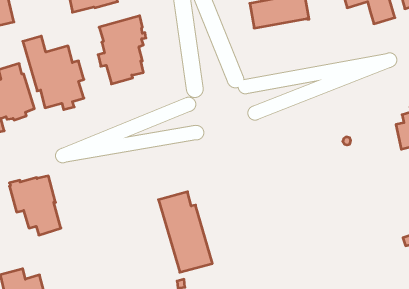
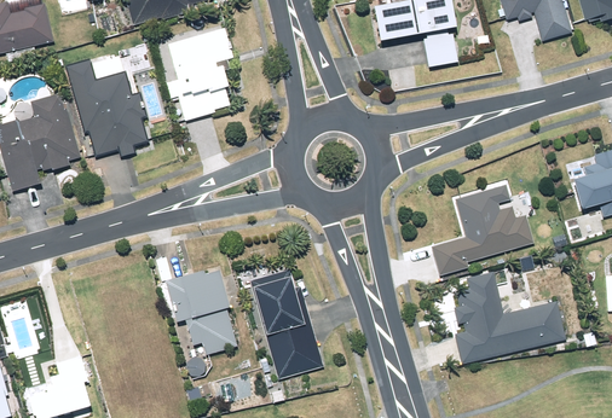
building: none -> [423,37,458,68]
building: none -> [431,197,533,275]
building: [9,176,61,235] -> [166,274,236,355]
building: none -> [454,268,565,360]

